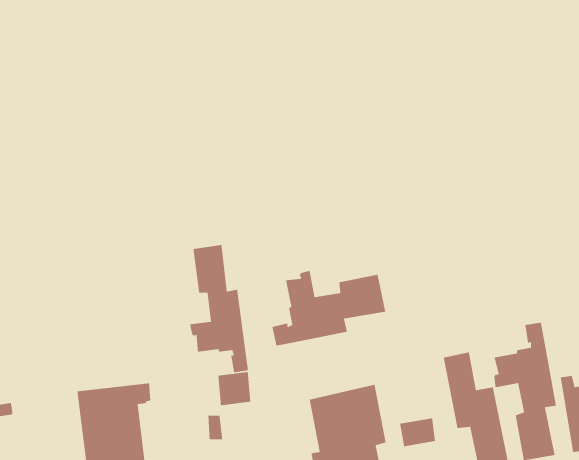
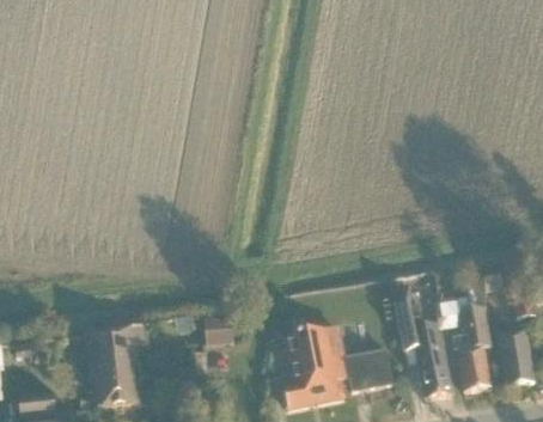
building: [189,244,249,373] -> none
building: [272,270,386,346] -> none

